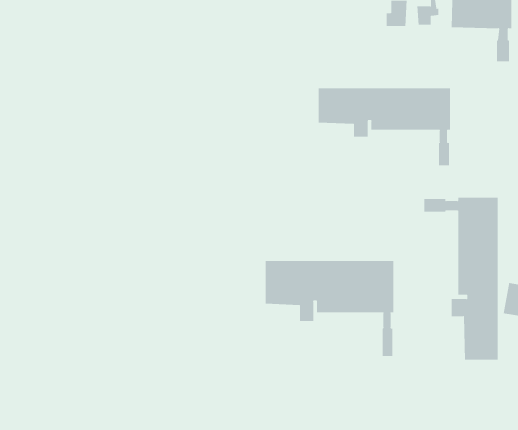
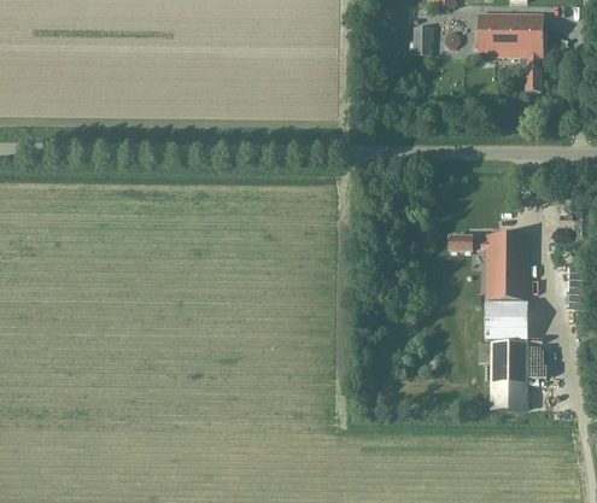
building: [318,88,450,166] -> none
building: [265,260,394,357] -> none

